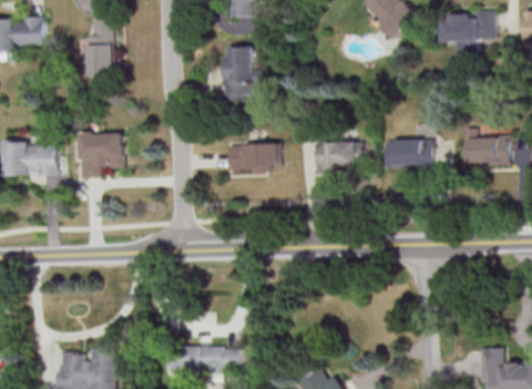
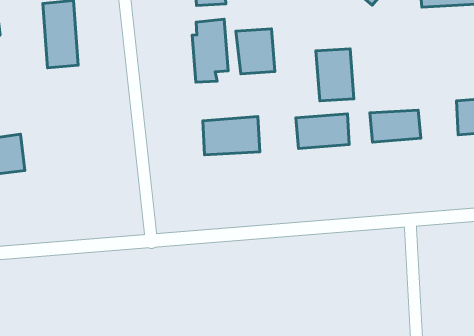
building: none -> [236,29,275,74]
building: none -> [316,49,354,101]
building: [78,132,123,181] -> none

